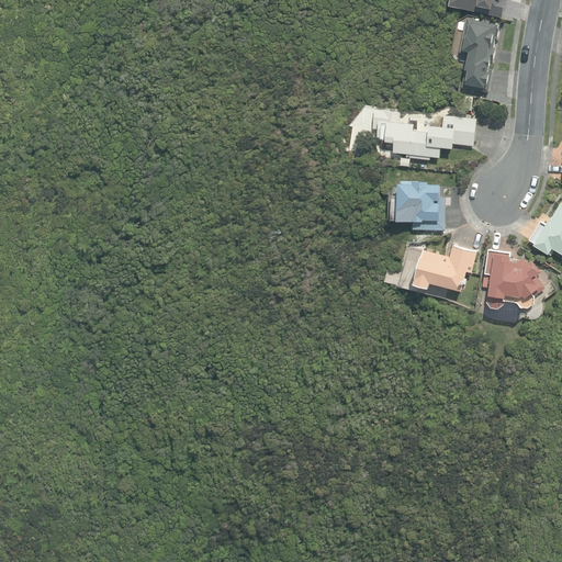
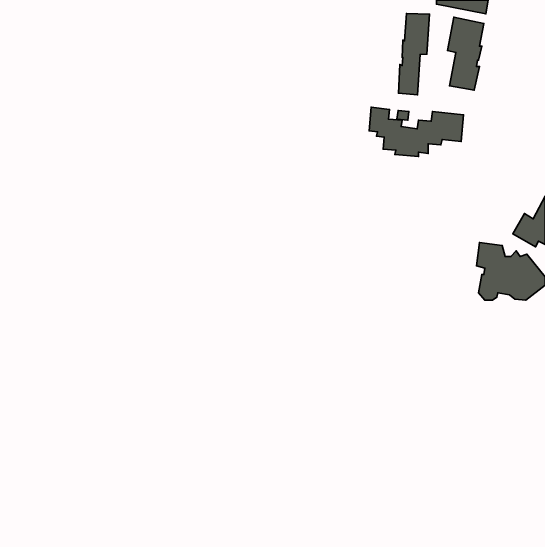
building: none -> [399,14,429,95]
building: [389,180,441,229] -> none
building: [413,244,477,290] -> none

